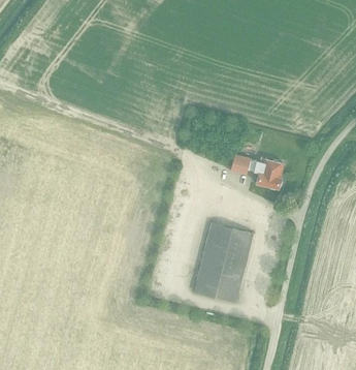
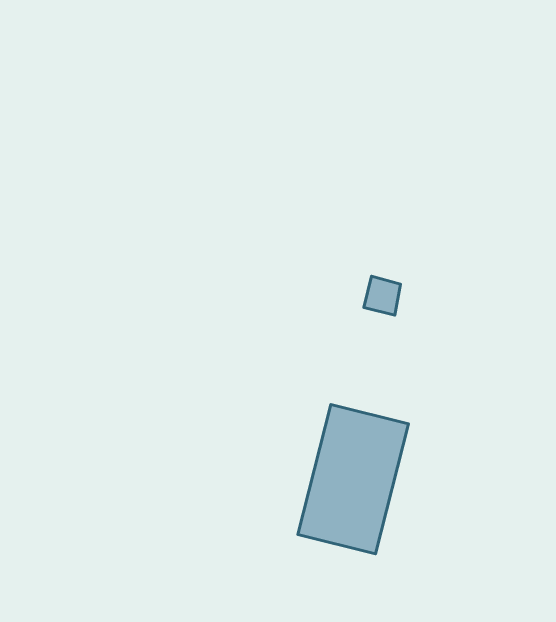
building: [254,158,283,188] -> none

